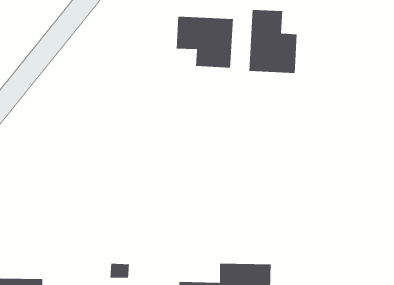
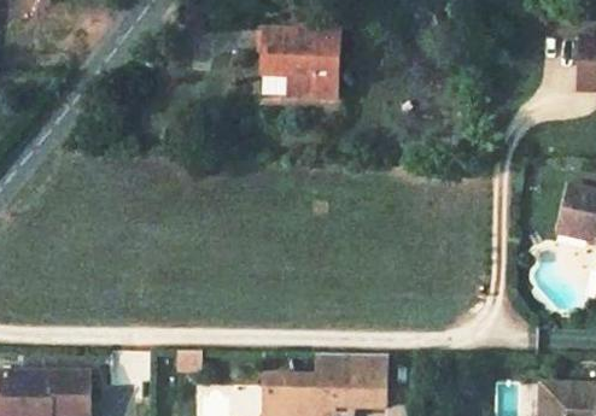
building: [249,9,297,74] -> none

